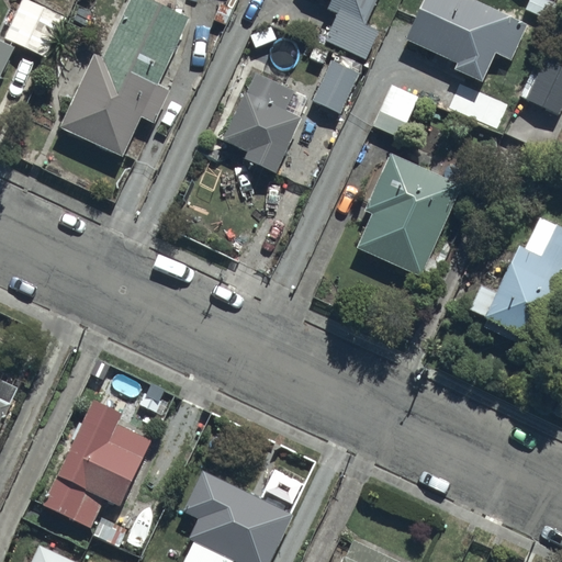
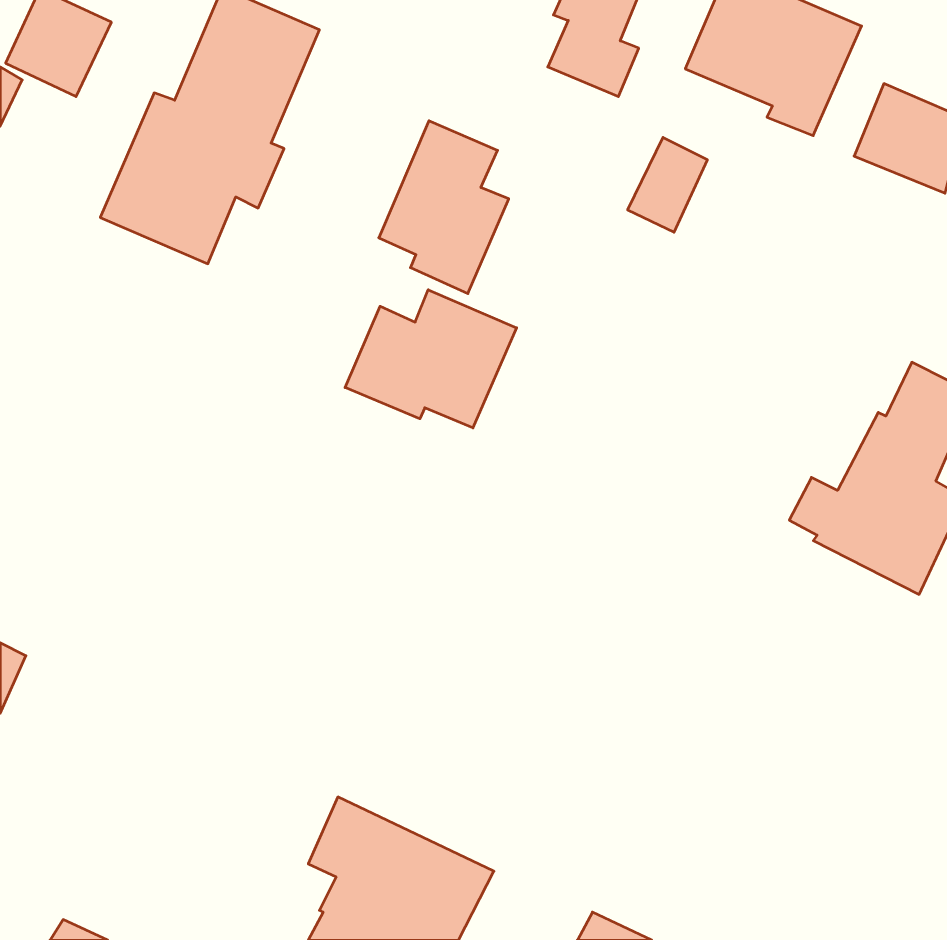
building: [310,57,360,114] -> none
building: [358,153,461,274] -> none
building: none -> [345,290,517,428]
building: [41,401,150,527] -> none

